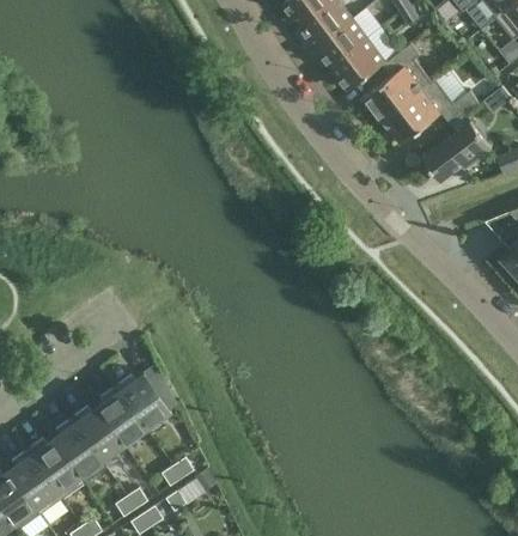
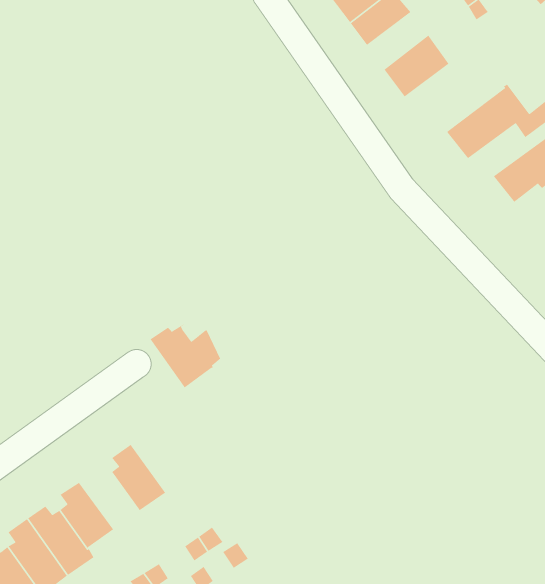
building: [316,18,368,67] -> none
building: [361,43,433,124] -> none
building: [115,373,176,428] -> [150,324,221,388]
building: [71,407,122,459] -> none

